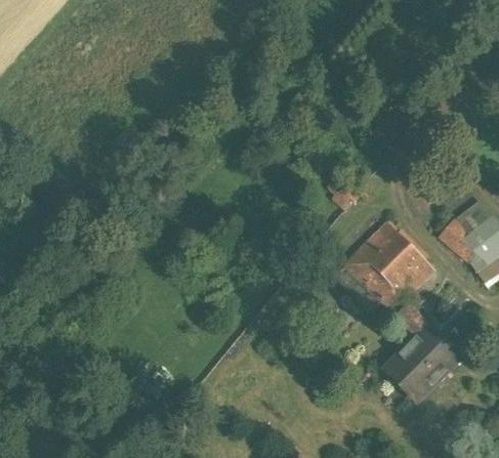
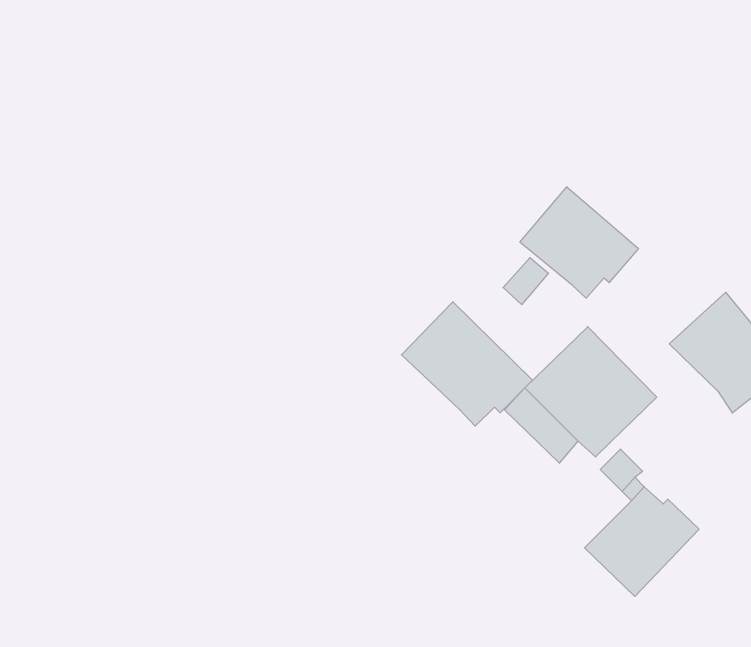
building: none -> [520,187,639,298]
building: none -> [401,302,533,426]

